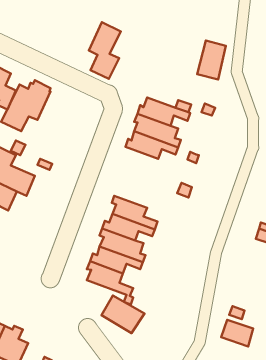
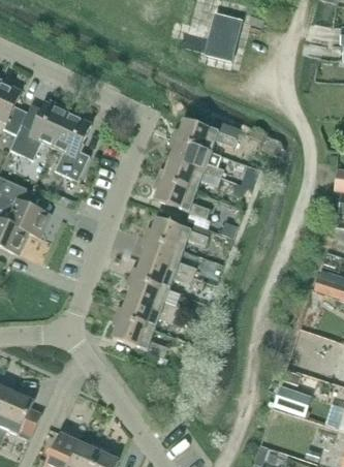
building: [89,22,121,79] -> [53,112,91,180]
building: [197,41,226,79] -> [207,14,241,61]
building: none -> [154,178,210,219]
building: none -> [145,218,211,251]
building: [101,295,144,333] -> none

